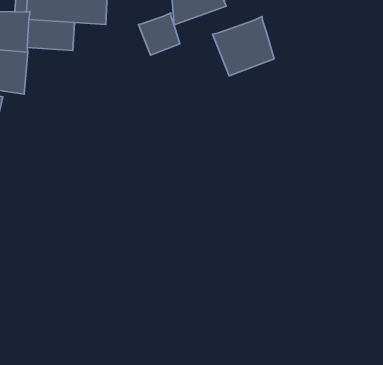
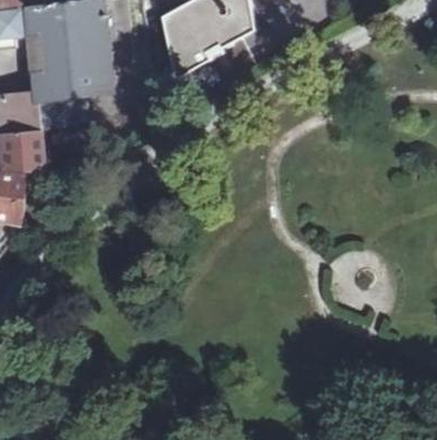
building: [139,13,180,55] -> none
building: [213,17,274,76] -> none

